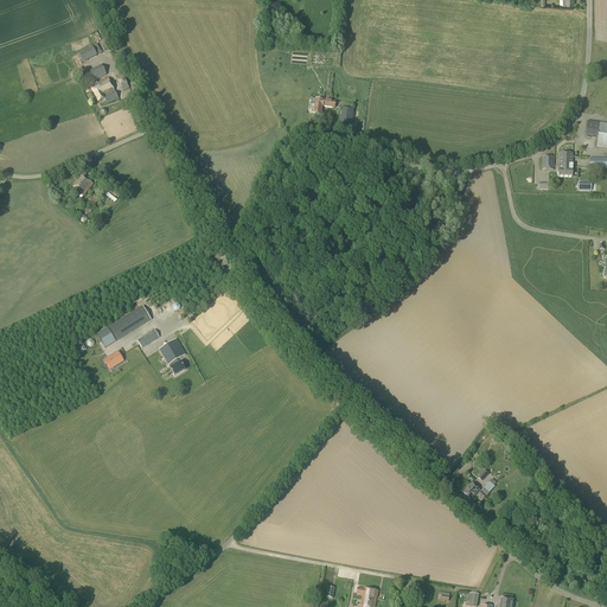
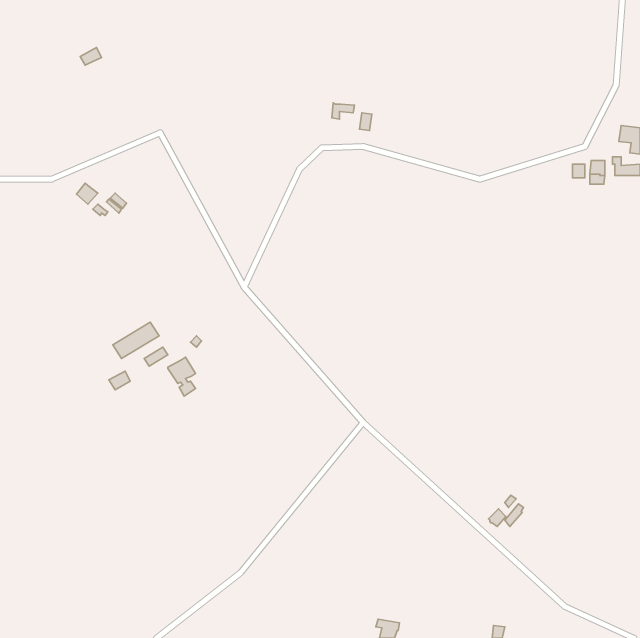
building: [88,63,119,102] -> none

